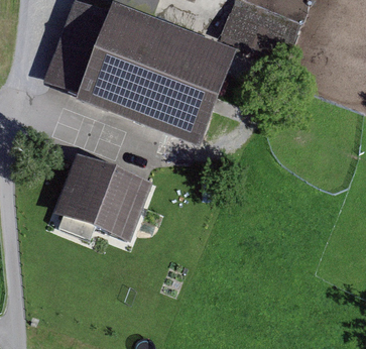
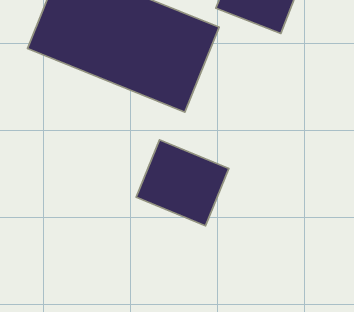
building: [60,158,148,240] -> [136,140,229,226]

